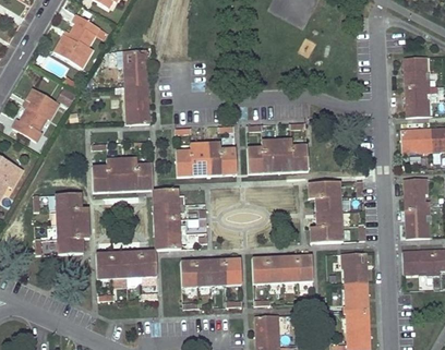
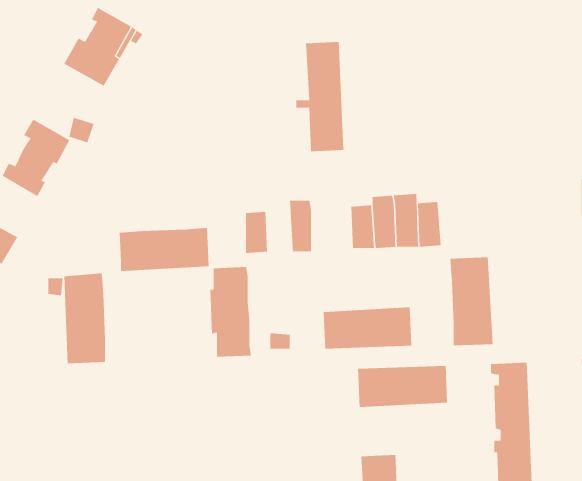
building: [117,48,149,122] -> [296,42,344,152]
building: [191,143,208,178] -> none
building: [221,149,238,178] -> none
building: [96,249,157,278] -> none
building: [181,257,241,286] -> [323,307,412,349]

